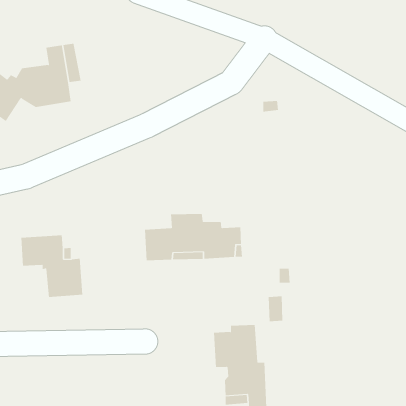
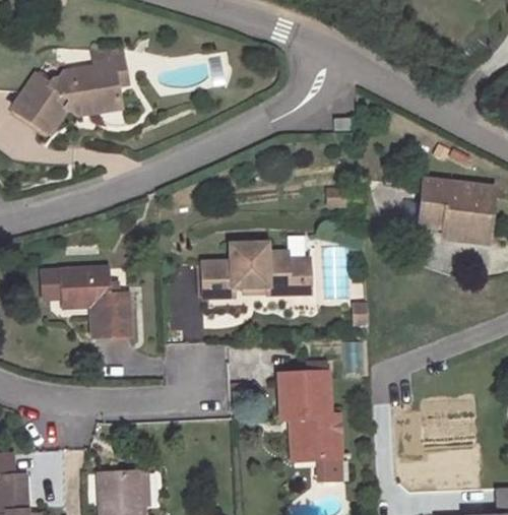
building: none -> [411,165,492,240]

